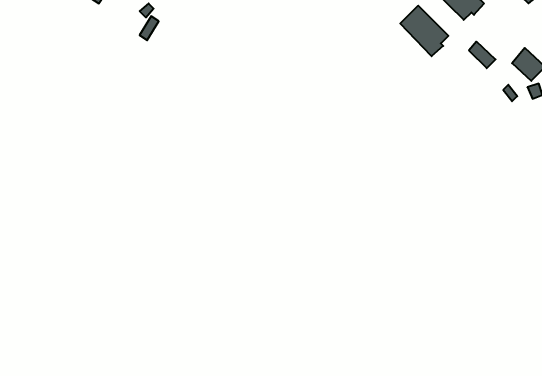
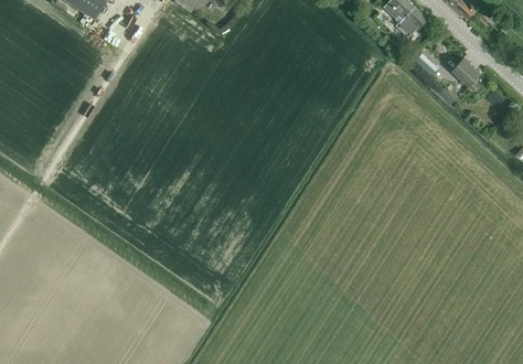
building: [400,6,448,56] -> none

